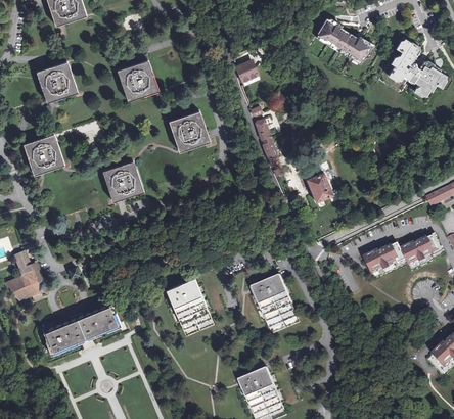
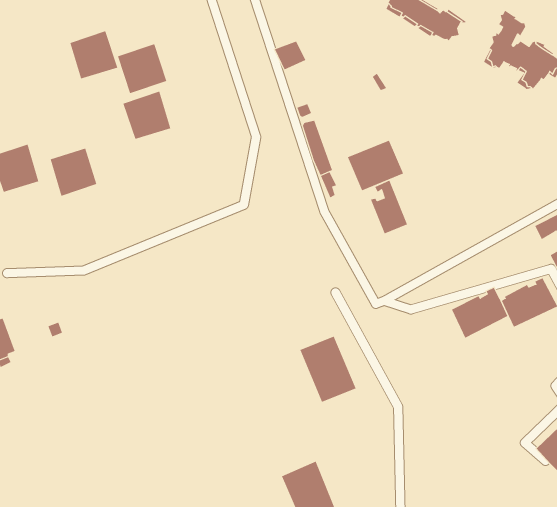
building: [39,62,75,98] -> [70,30,118,79]
building: [171,112,207,148] -> [122,91,171,140]
building: none -> [347,140,404,191]
building: [105,162,140,198] -> [50,148,97,197]
building: [167,278,209,328] -> none
building: [44,305,117,351] -> none

